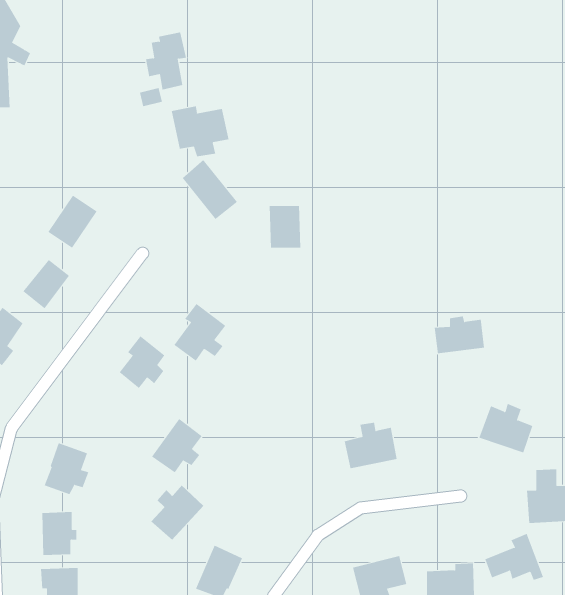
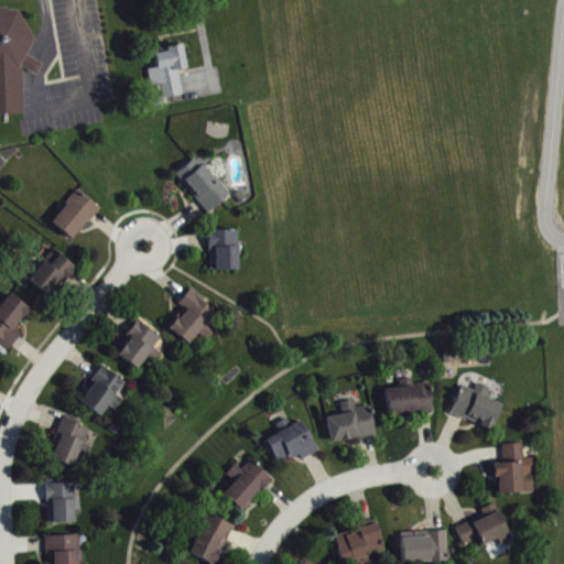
building: [171,106,229,157] -> none
building: [269,205,301,248] -> [209,230,239,270]
building: [434,316,485,354] -> [386,378,433,413]
building: [151,418,202,473] -> [78,366,126,416]
building: none -> [263,417,317,465]
building: [151,485,204,541] -> [221,459,271,511]

